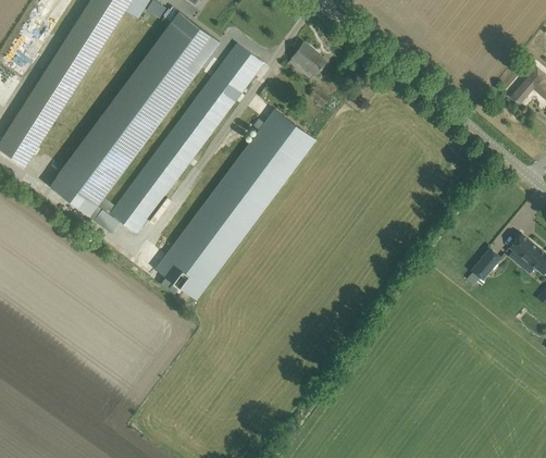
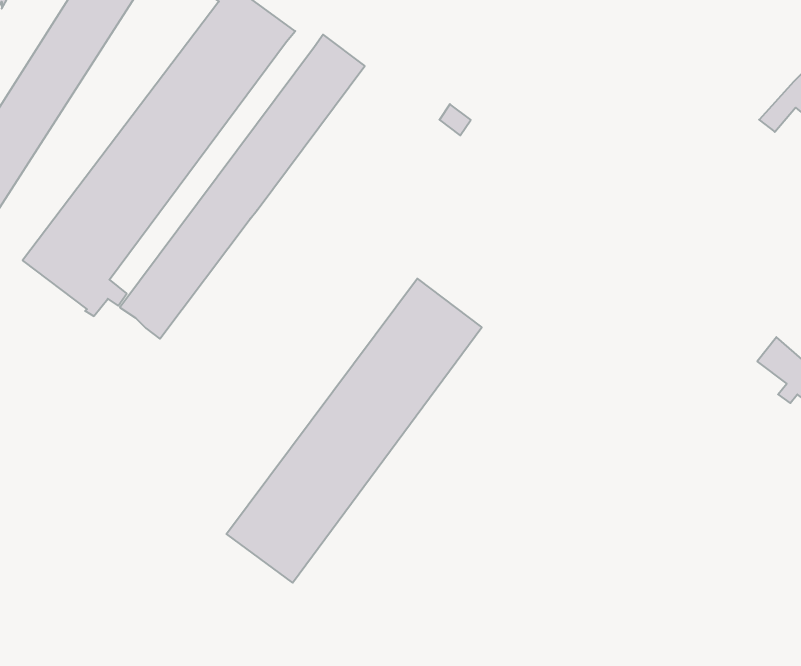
building: [291,44,324,75] -> none
building: [154,110,314,300] -> [226,279,482,583]
building: [470,248,500,281] -> none

